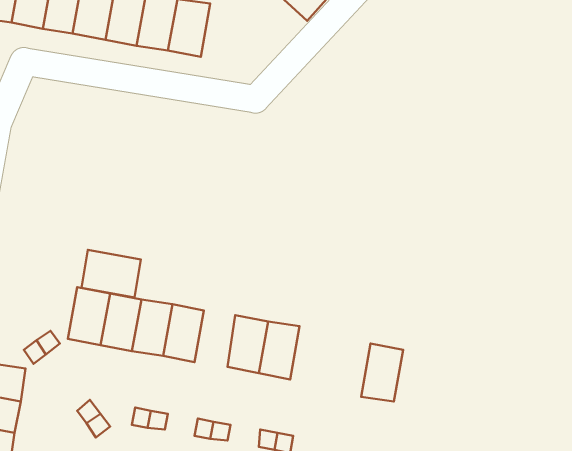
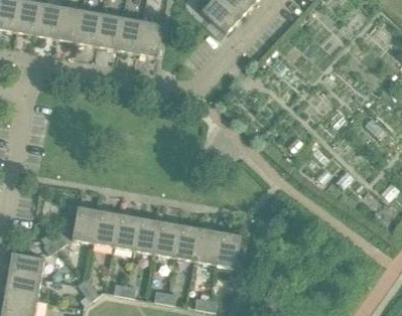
building: [81,250,141,298] -> none
building: none -> [153,220,179,257]
building: [361,344,403,402] -> [215,230,242,268]

